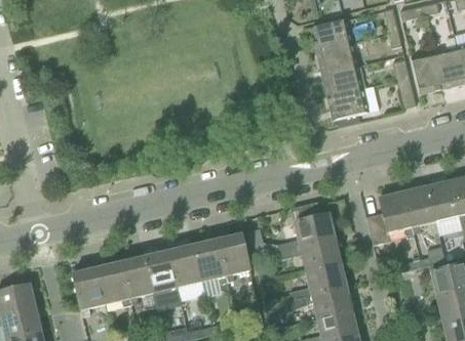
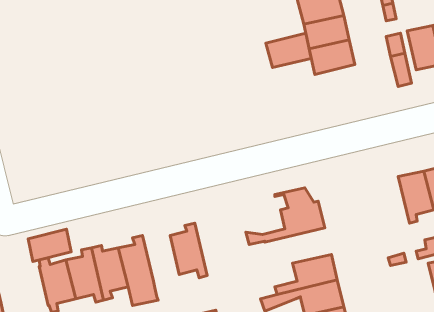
building: [325,88,367,120] -> [266,33,311,67]
building: [365,191,413,246] -> none
building: [215,232,249,283] -> none
building: [279,239,341,271] -> none
building: none -> [28,229,71,262]
building: [166,244,200,288] -> none

